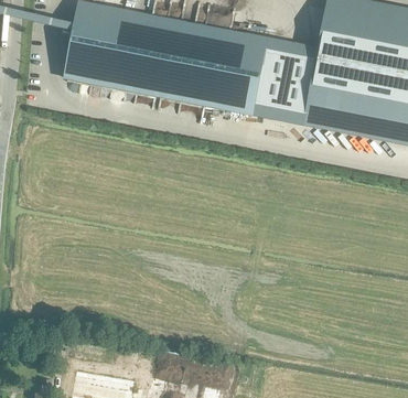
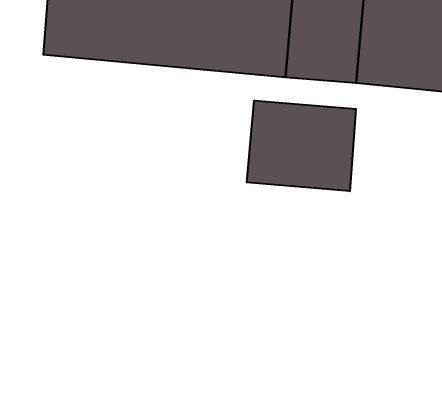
building: none -> [247,100,356,191]

